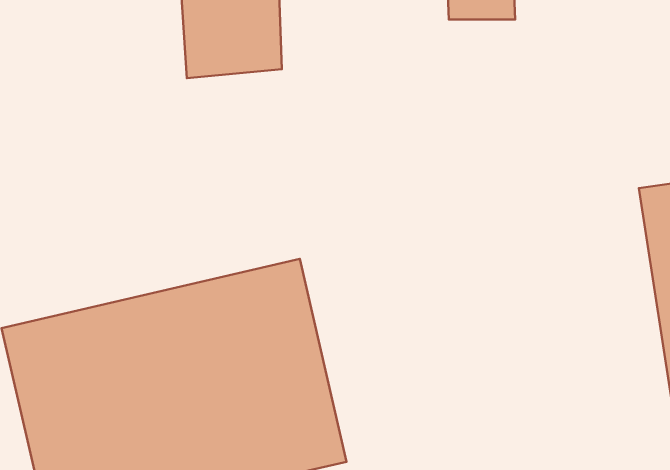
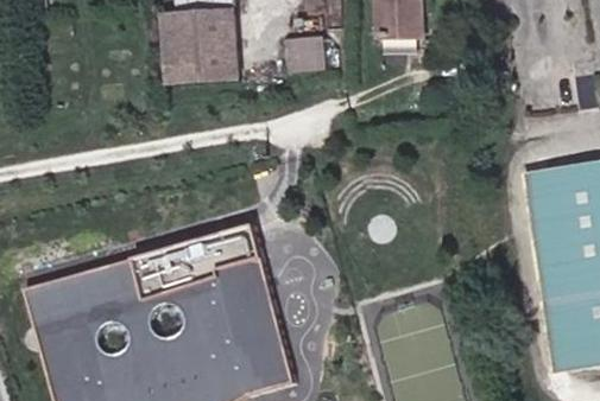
building: none -> [288,34,328,72]

